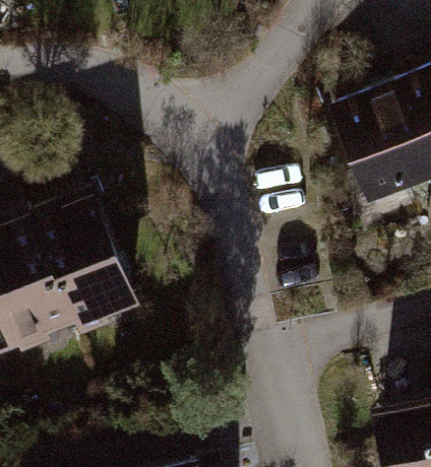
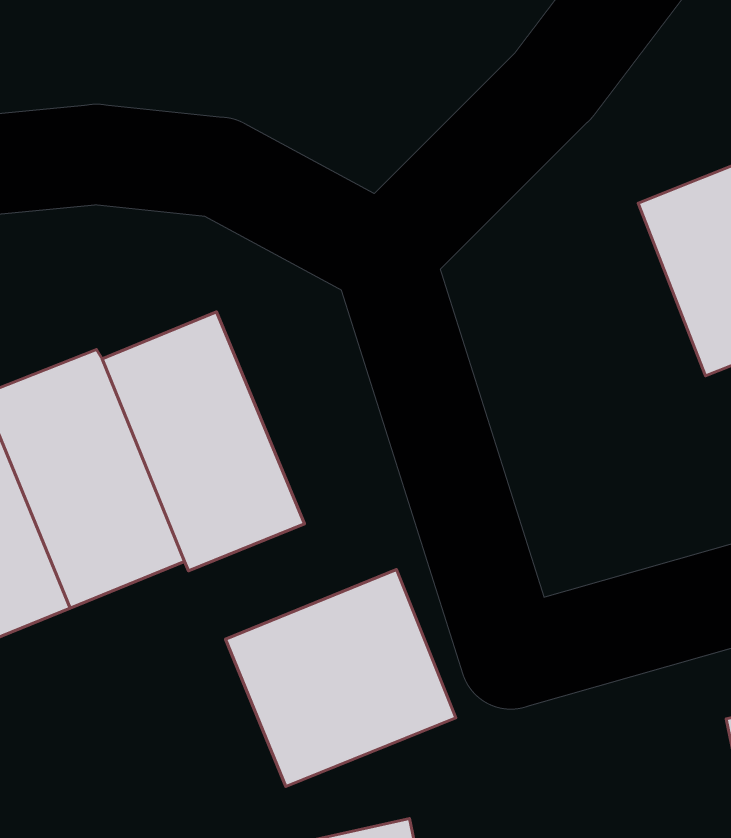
building: none -> [225,569,456,787]

